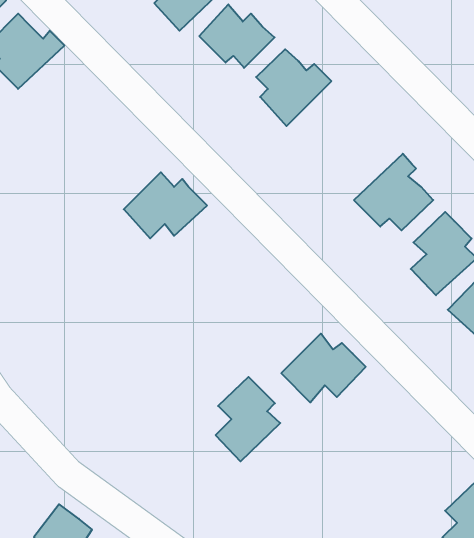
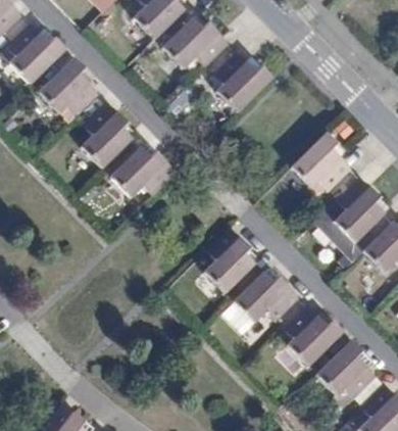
building: none -> [39,57,98,117]
building: none -> [82,102,131,166]
building: [216,377,280,461] -> [204,227,254,292]
building: none -> [284,305,343,366]
building: none -> [314,339,377,398]

